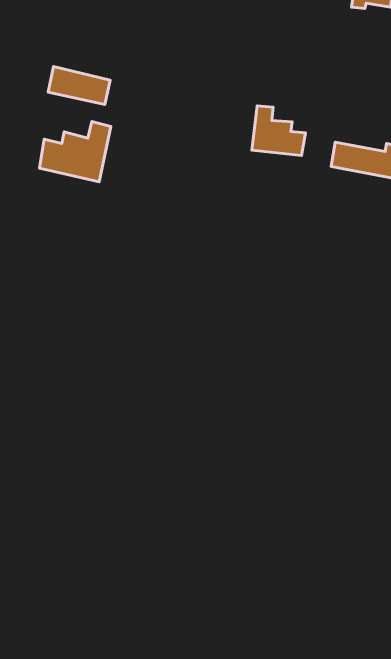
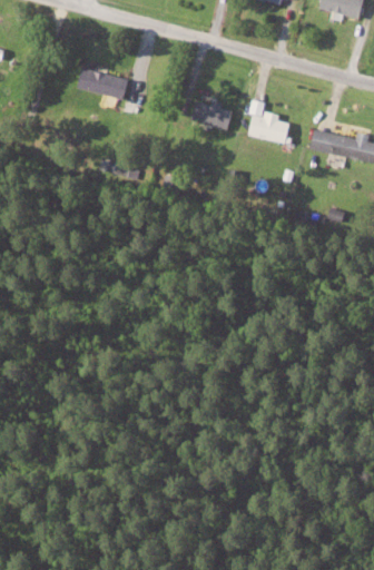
building: none -> [193,99,233,128]
building: [40,121,111,182] -> none

